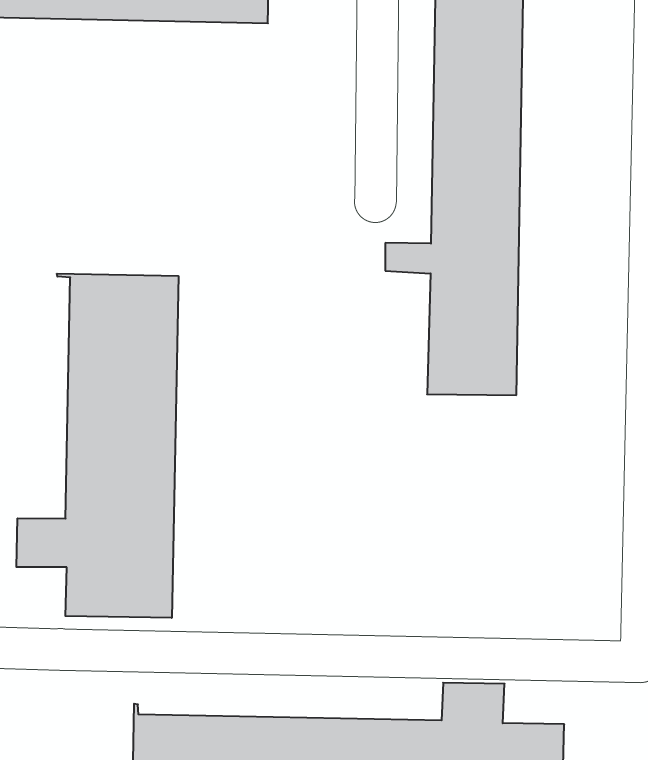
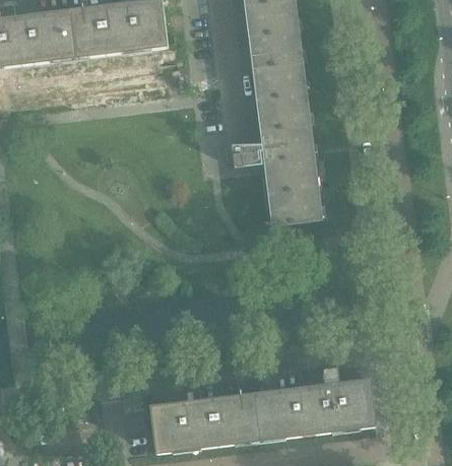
building: [16,274,178,618] -> none

